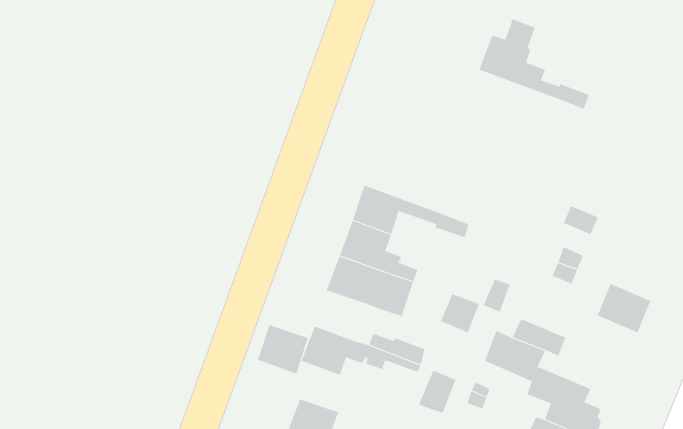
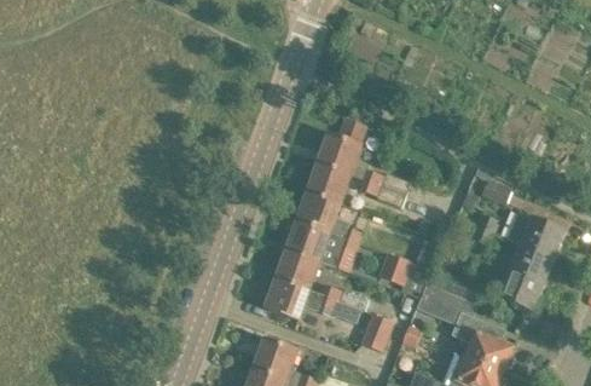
building: [479,19,590,109] -> [317,120,409,195]
building: none -> [506,211,564,258]
building: none -> [499,270,543,311]
building: [257,325,308,374] -> [276,249,318,290]

